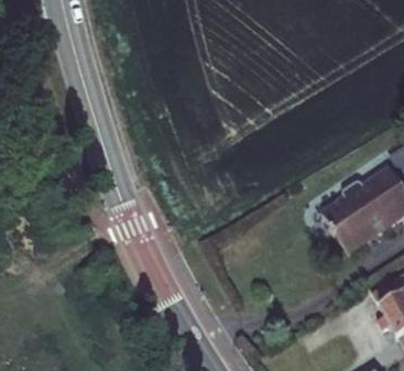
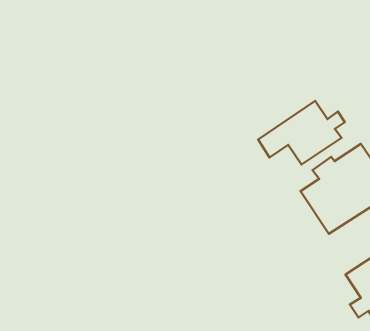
building: none -> [258,101,345,165]

